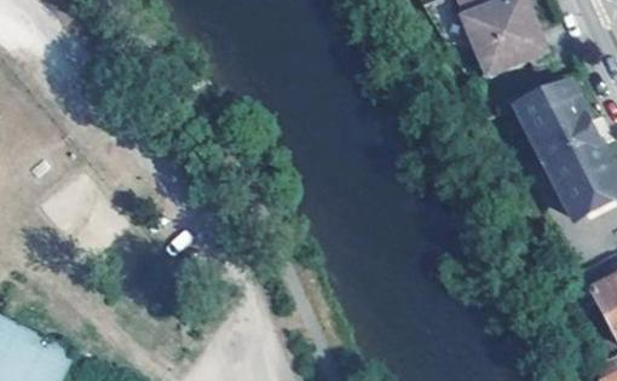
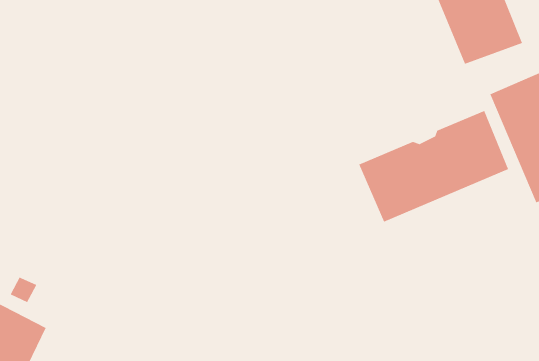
building: none -> [358,110,509,222]

